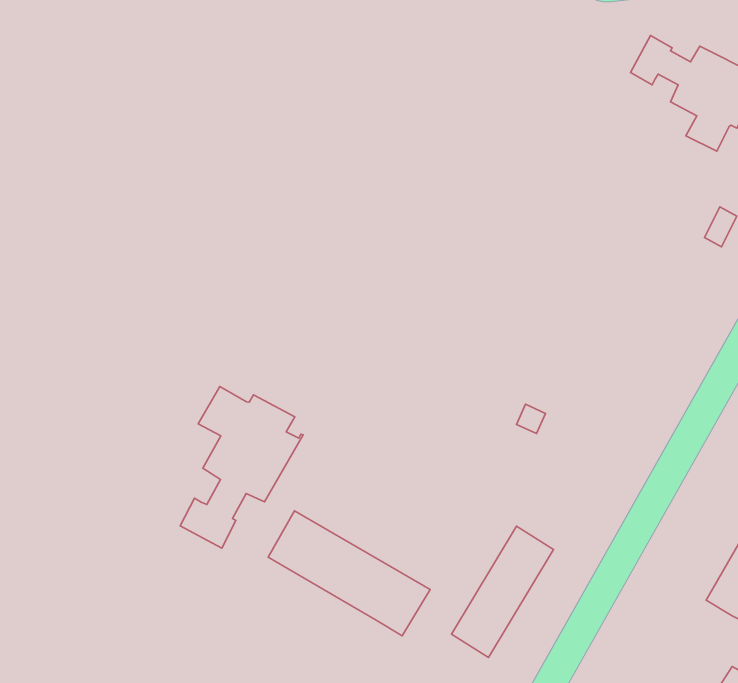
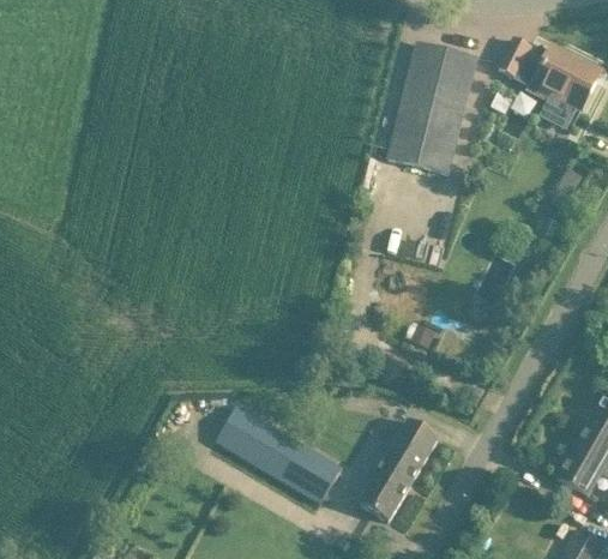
building: none -> [389,41,477,173]
building: [180,386,303,548] -> none

